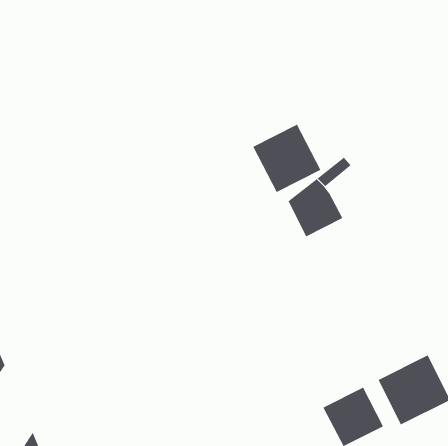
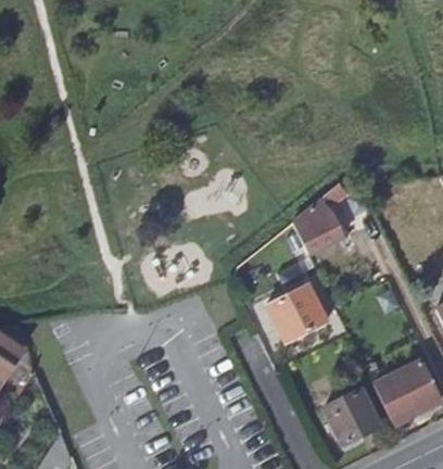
building: [252,124,321,193] -> none
building: none -> [268,284,327,341]

